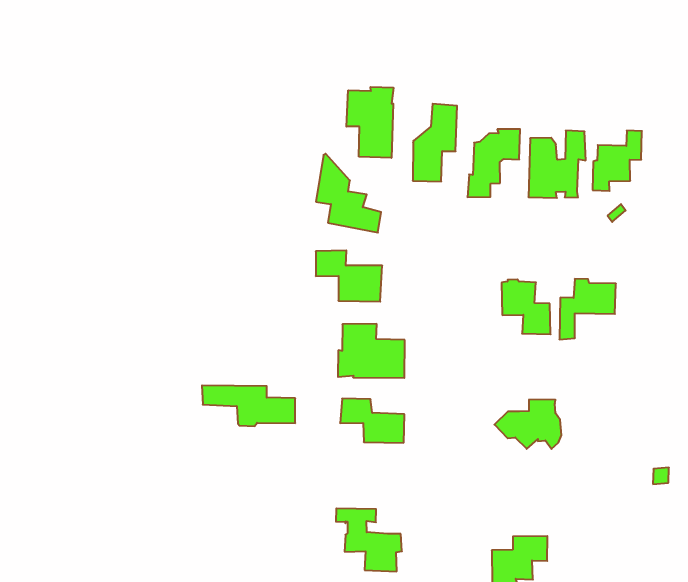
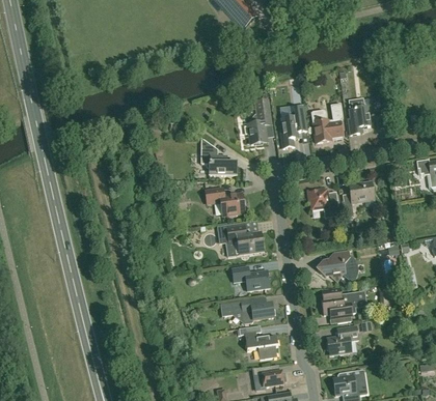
building: [346,87,393,158] -> none
building: [202,385,295,426] -> [219,299,273,323]
building: none -> [321,287,360,322]

